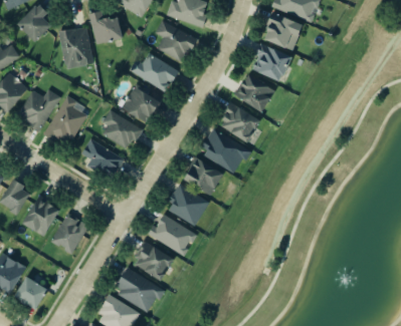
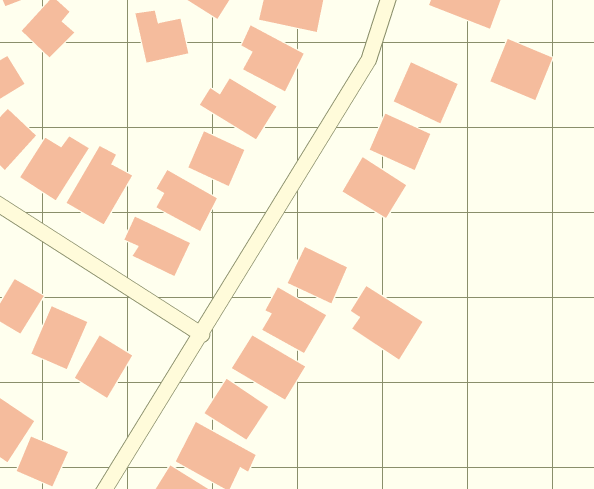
building: [262,12,303,51] -> [489,38,554,101]
building: [58,26,93,69] -> none
building: [203,127,249,175] -> [350,285,423,361]

